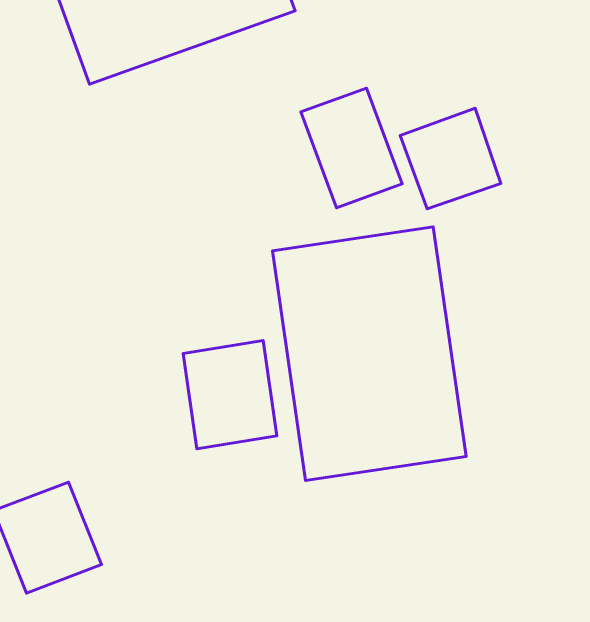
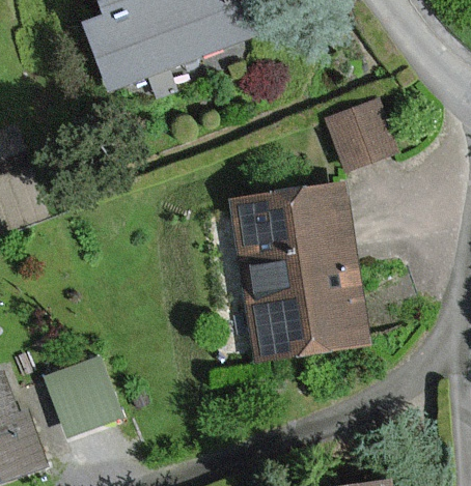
building: [301,88,402,208] -> none
building: [183,341,277,449] -> none

